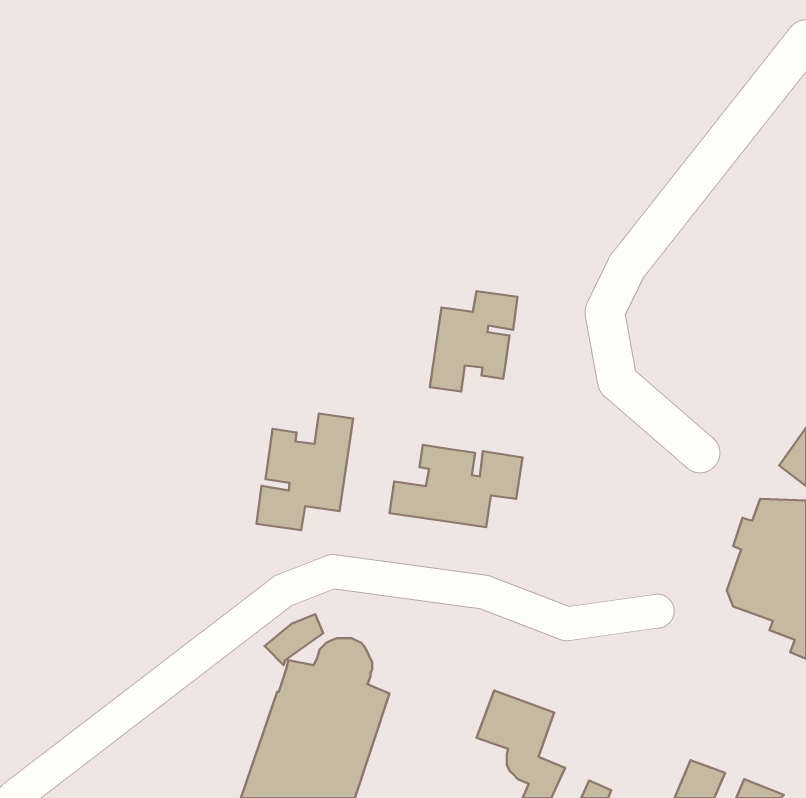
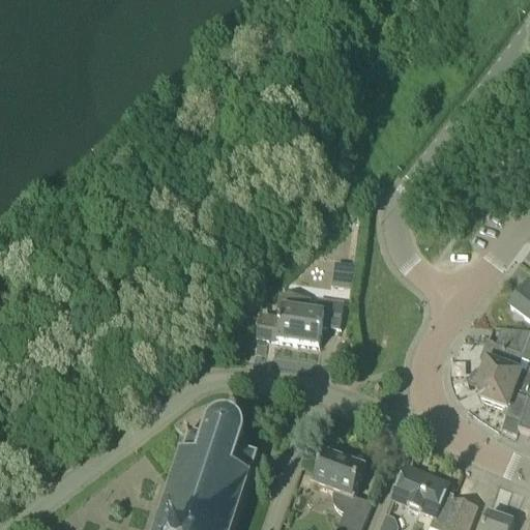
building: [430,291,517,392] -> none
building: [256,413,353,530] -> none
building: none -> [391,471,447,516]

